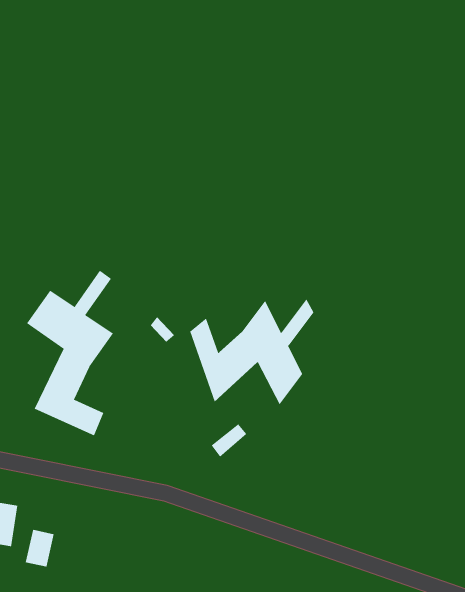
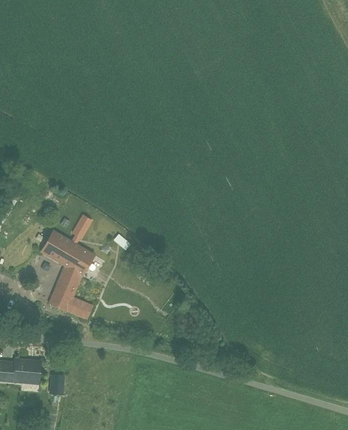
building: [190,299,314,405] -> none

